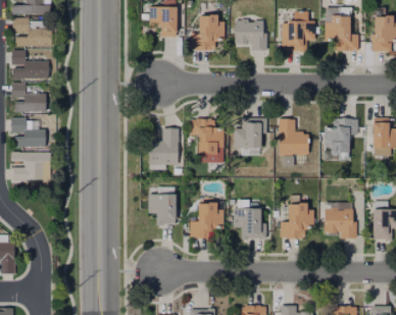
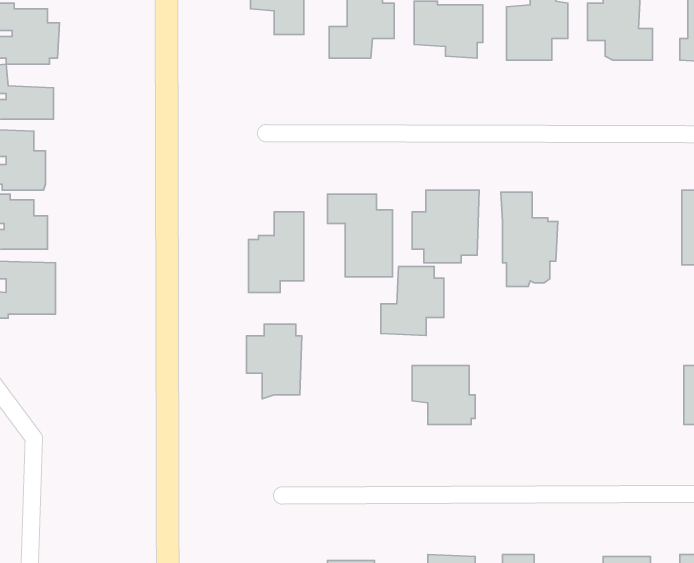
building: [325,119,358,152] -> none
building: [191,202,224,238] -> [381,266,444,335]
building: [281,202,314,238] -> none
building: [326,202,357,239] -> none

